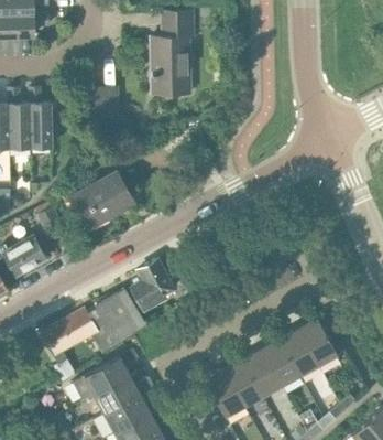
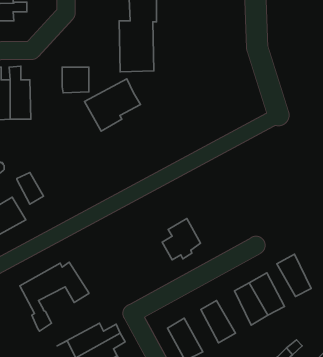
building: [69,173,132,232] -> [84,79,141,131]
building: [131,260,174,307] -> [162,219,201,260]
building: [95,289,144,342] -> none
building: [261,340,299,387] -> [277,254,311,296]
building: [73,350,138,401] -> none
building: [225,361,263,408] -> none

